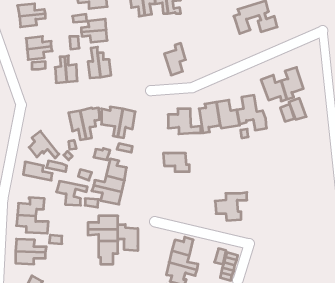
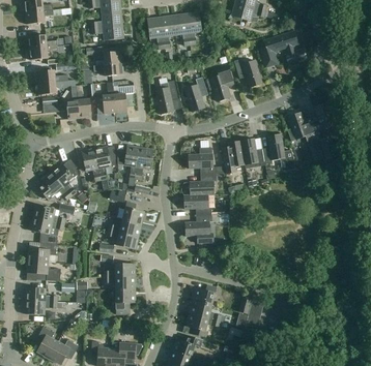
building: none -> [234,59,261,87]
building: none -> [206,67,234,101]
building: none -> [155,81,178,115]
building: none -> [52,159,78,196]
building: none -> [189,174,216,195]
building: [56,181,87,205] -> [30,218,63,244]
building: [215,192,247,220] -> [184,214,219,244]
building: [118,224,138,251] -> none

